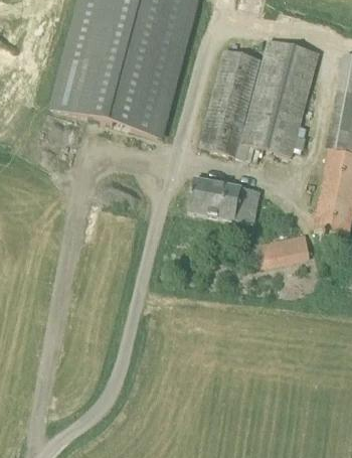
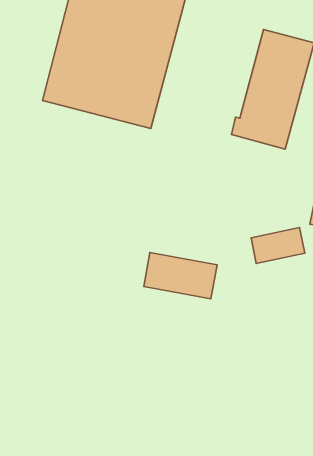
building: [200,48,260,155] -> none
building: [188,177,259,222] -> [144,253,217,299]

